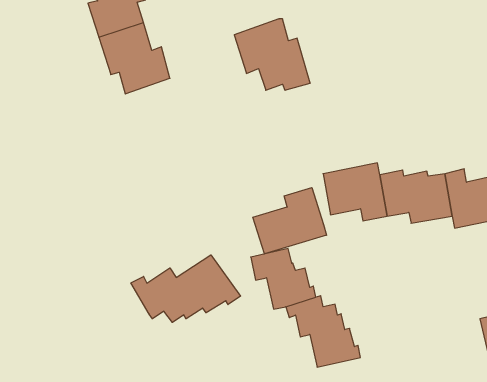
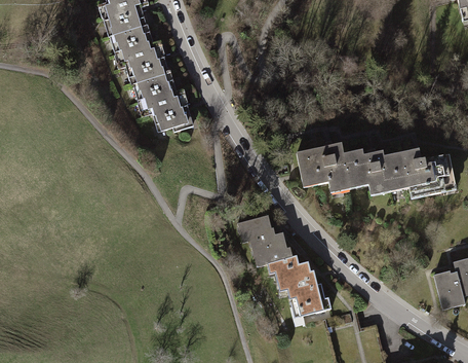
building: [234,19,310,90] -> [130,70,195,131]
building: [253,188,327,254] -> none
building: [131,255,241,322] -> none

